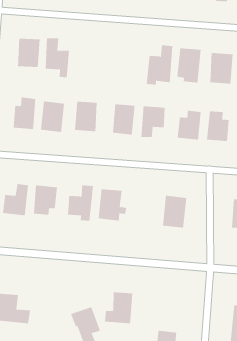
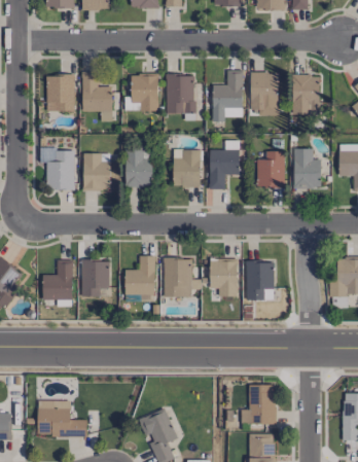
building: none -> [131,74,158,111]
building: none -> [167,74,194,113]
building: none -> [210,257,238,296]
building: [104,292,133,324] -> [242,385,276,424]

